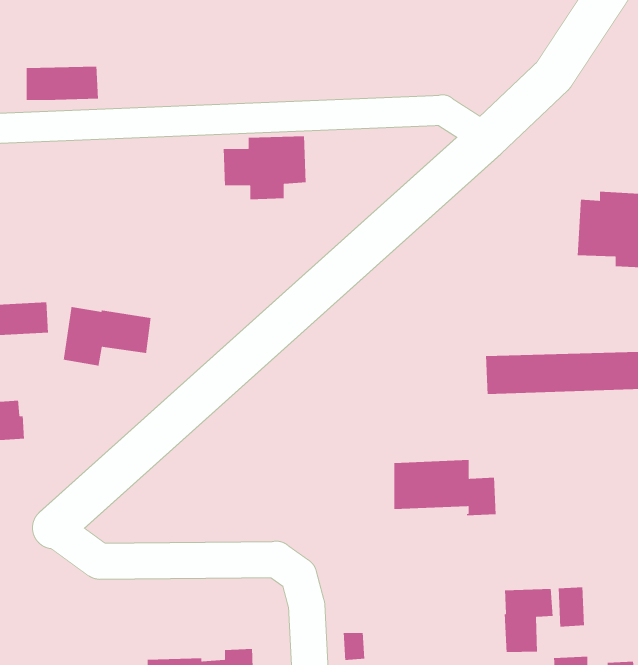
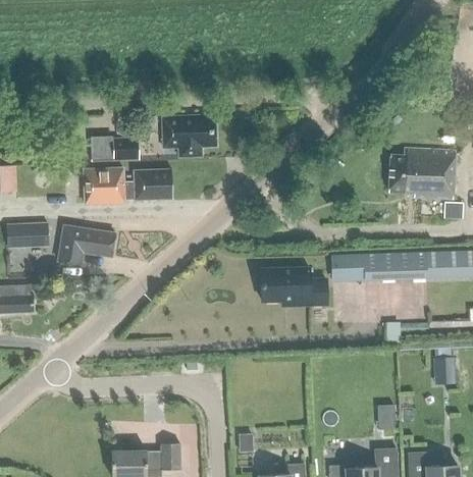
building: [26,66,99,101] -> [91,138,138,160]
building: none -> [83,167,172,204]
building: [394,459,496,516] -> [261,267,327,304]
building: [504,588,554,653] -> none

